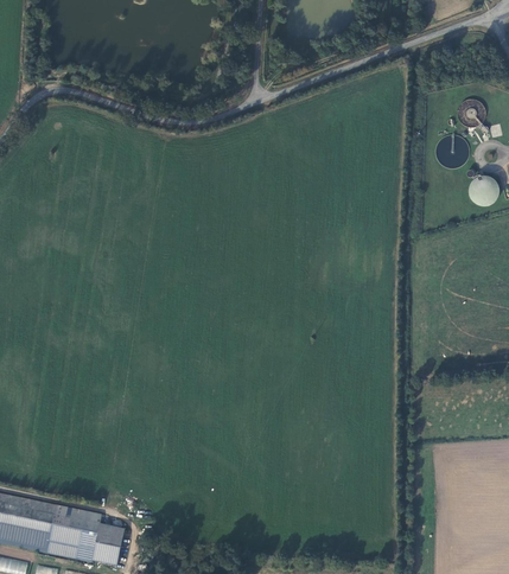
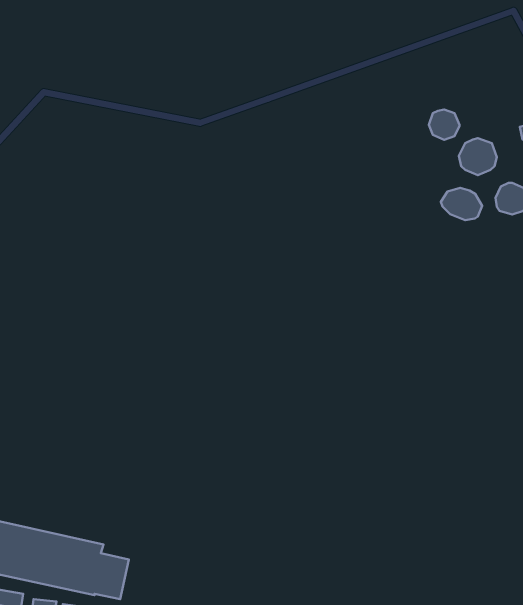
building: [456,101,484,129] -> [429,109,460,140]
building: none -> [441,188,482,220]

